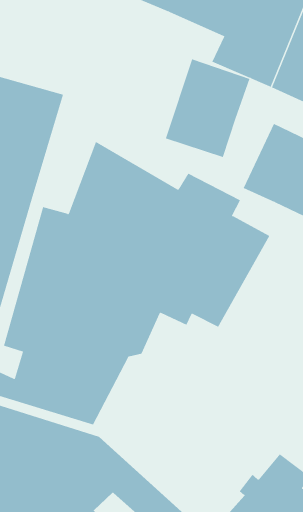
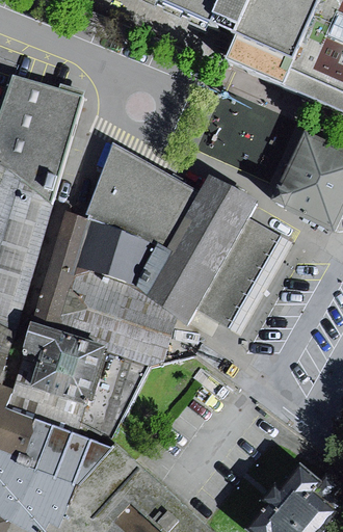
building: [165,59,250,158] -> none

